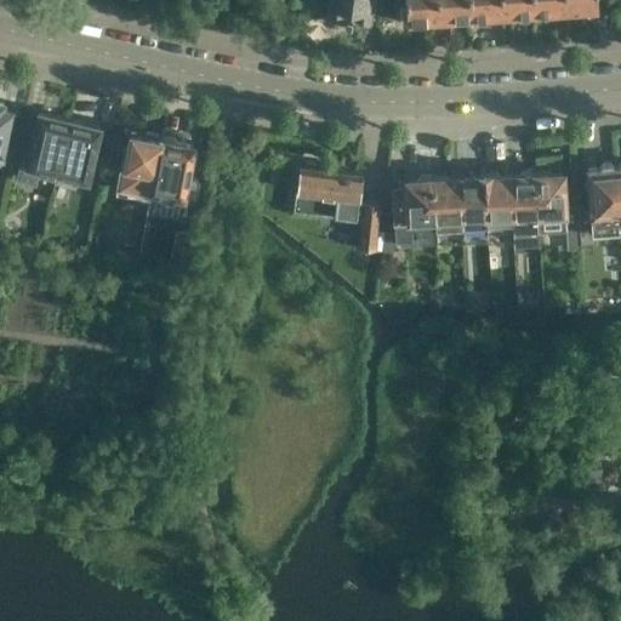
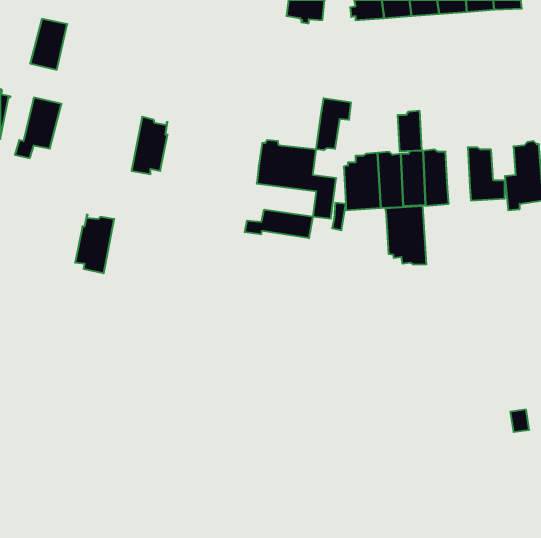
building: none -> [316,98,351,150]
building: [58,124,101,182] -> [30,19,67,70]
building: [119,133,164,200] -> [75,215,114,273]
building: [511,173,539,220] -> [398,111,422,151]
building: none -> [386,206,426,265]
building: none -> [245,210,313,238]

